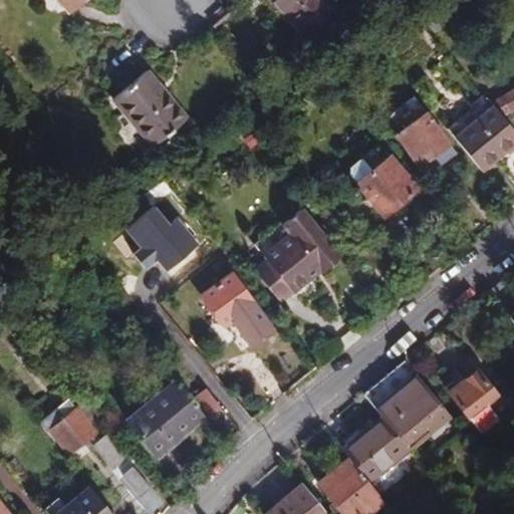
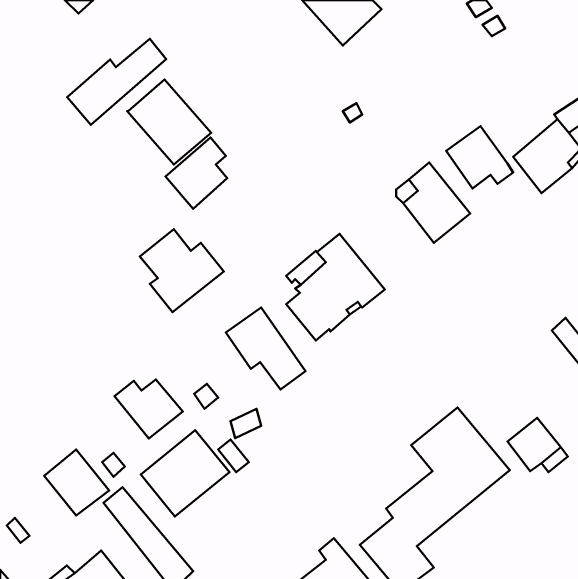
building: none -> [67,39,166,125]
building: none -> [166,137,227,209]
building: none -> [114,379,183,439]

